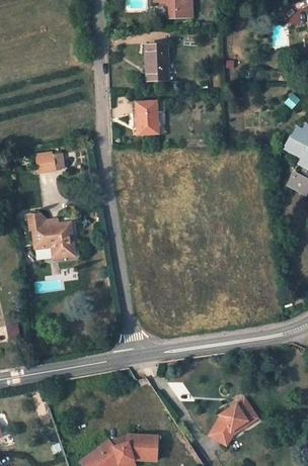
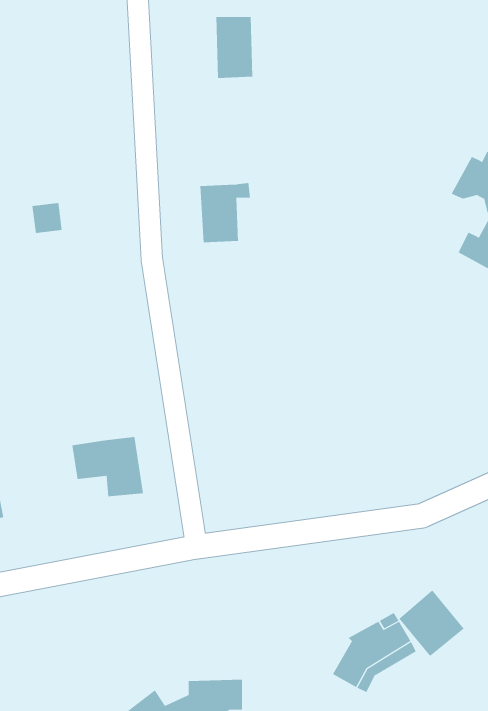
building: [135,100,165,135] -> [199,183,251,243]
building: [31,222,74,258] -> [72,437,144,497]
building: none -> [398,589,465,657]

